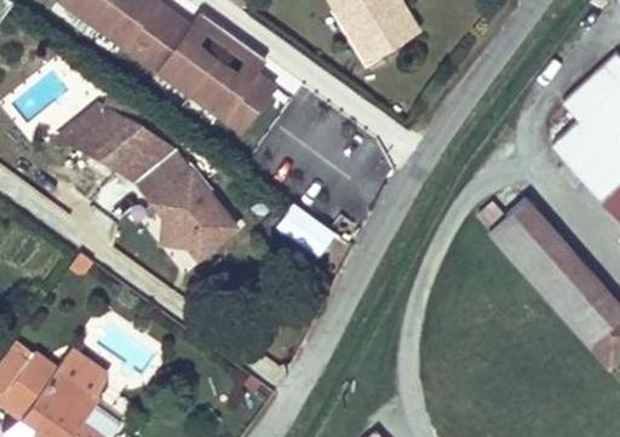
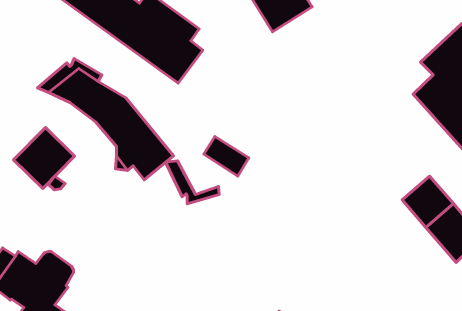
building: none -> [14,127,75,189]
building: [478,200,574,286] -> none
building: none -> [166,161,219,204]

